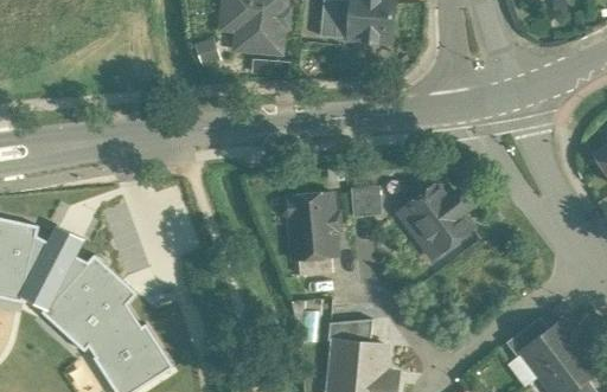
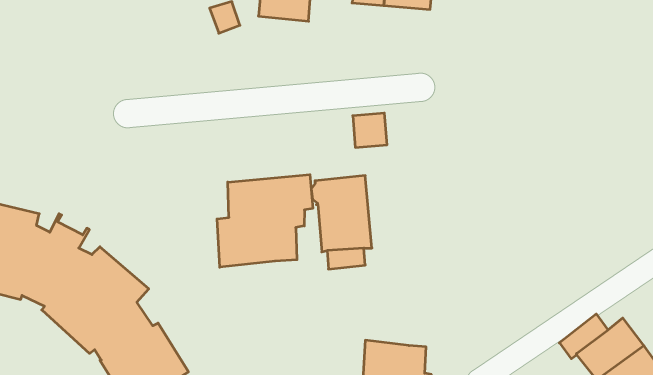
building: [405,184,472,252] -> none
building: [351,186,382,217] -> [353,113,387,147]
building: none -> [217,175,313,267]
building: [327,321,372,345] -> none

